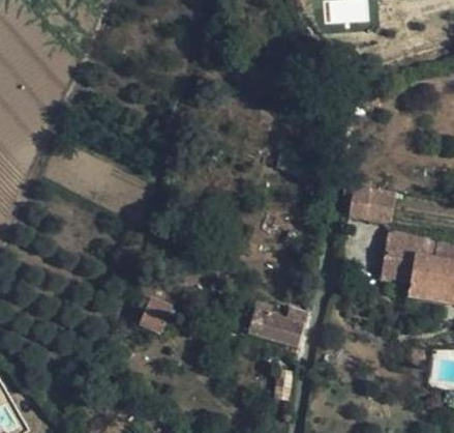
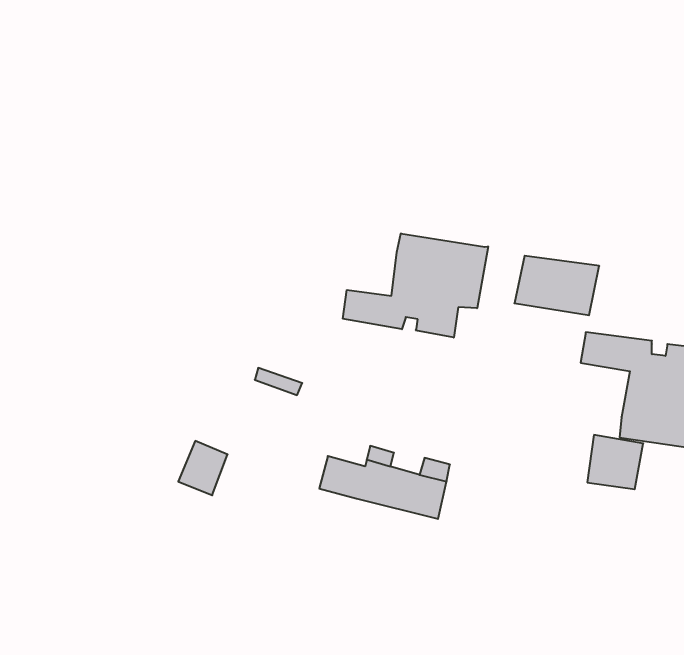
building: none -> [343,233,488,338]
building: [381,252,415,285] -> [587,435,643,489]

